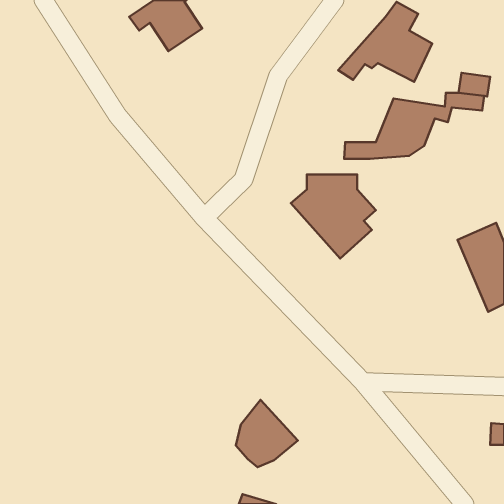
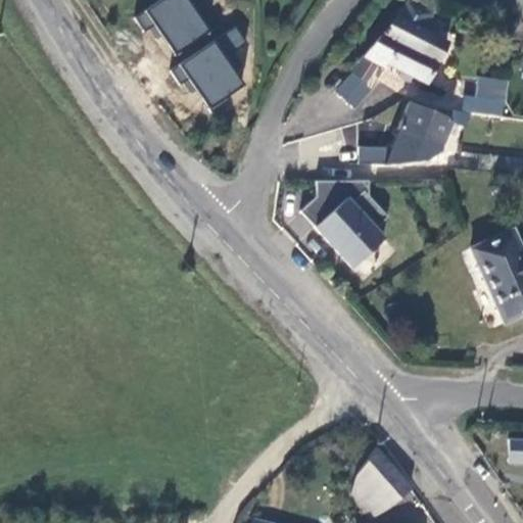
building: none -> [170,28,245,107]
building: none -> [332,66,385,107]
building: [236,400,298,467] -> [349,448,414,518]

